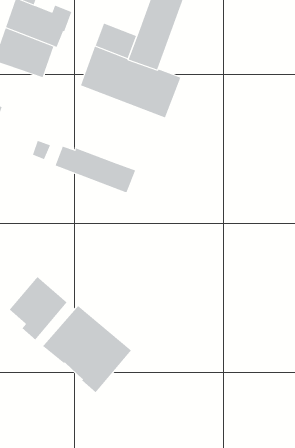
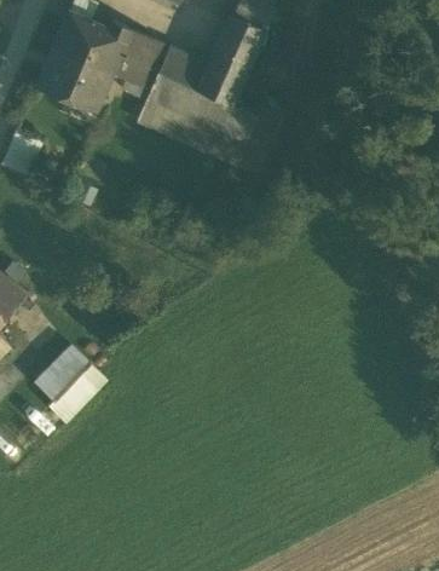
building: none -> [111,31,162,105]
building: [55,146,136,193] -> none
building: [42,305,132,393] -> none

